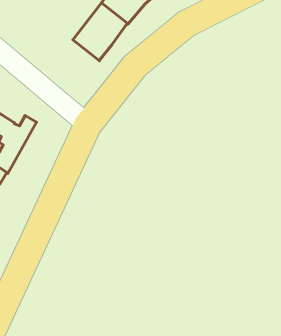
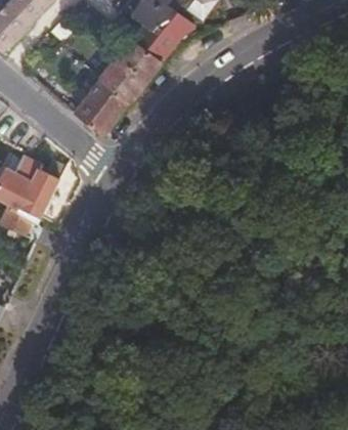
building: none -> [76,79,131,136]

